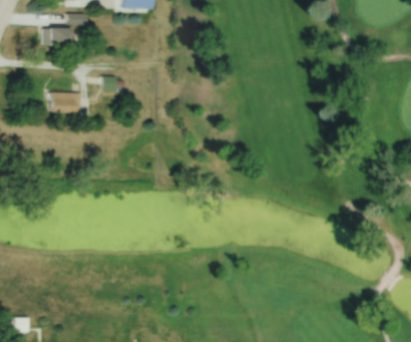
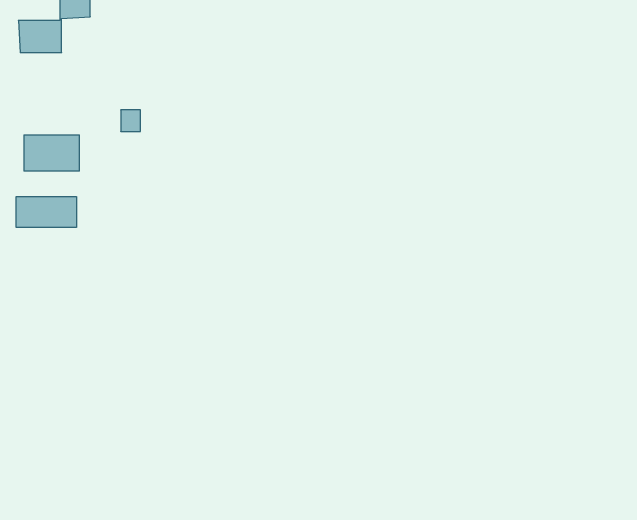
building: none -> [16,197,76,227]

